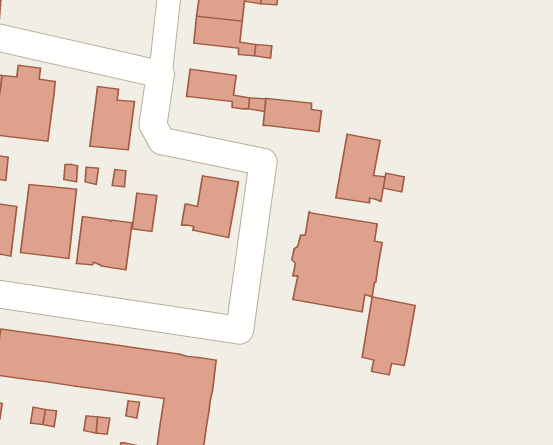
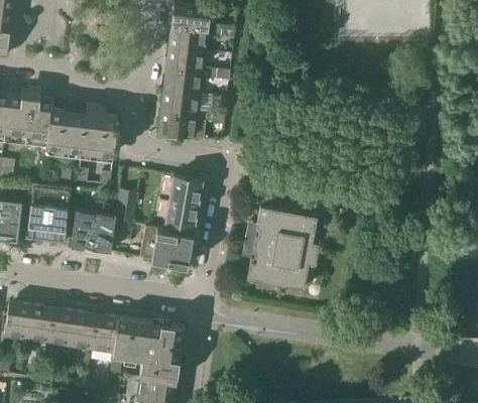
building: none -> [162,69,202,95]
building: none -> [46,109,86,152]
building: [263,98,321,132] -> [157,112,205,139]
building: [336,134,385,203] -> none
building: none -> [138,226,192,266]
building: [362,297,415,375] -> none

